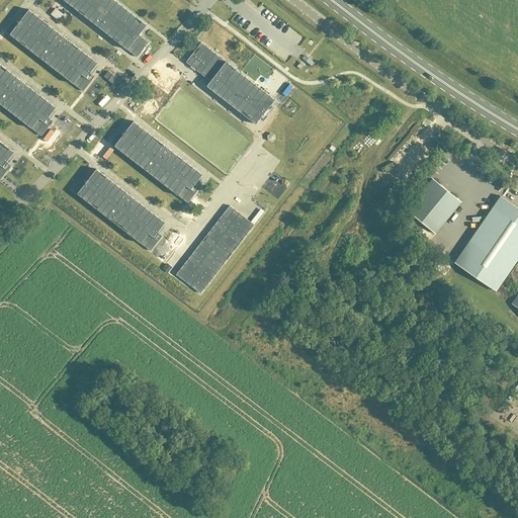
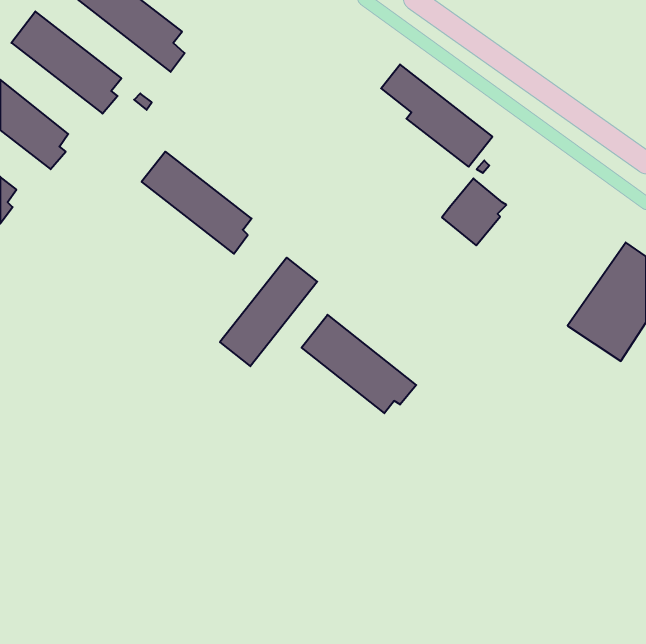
building: [185,42,274,124] -> [381,64,492,167]
building: [77,169,164,251] -> none
building: [408,180,459,234] -> [442,178,506,245]
building: none -> [302,315,416,413]

